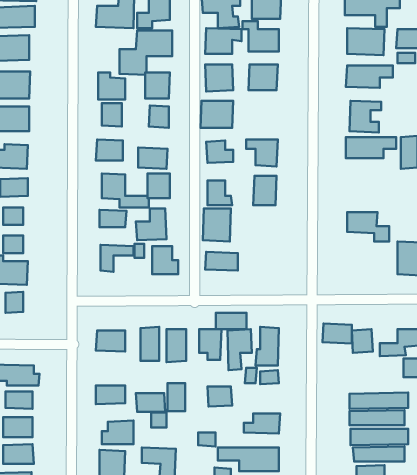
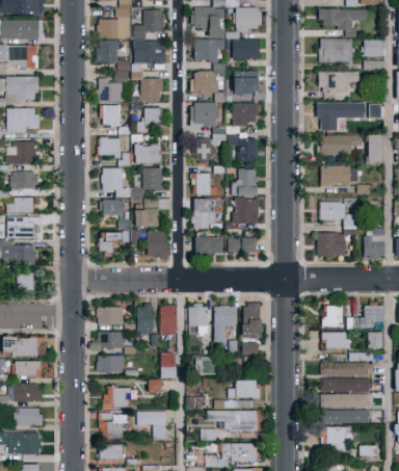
building: none -> [96,41,117,61]
building: none -> [233,103,257,125]
building: none -> [319,166,358,185]
building: none -> [234,198,258,224]
building: none -> [316,233,346,257]
building: [216,313,246,329] -> [228,238,255,253]
building: [322,324,352,343] -> [322,332,348,349]
building: [136,393,165,412] -> [98,332,124,348]

